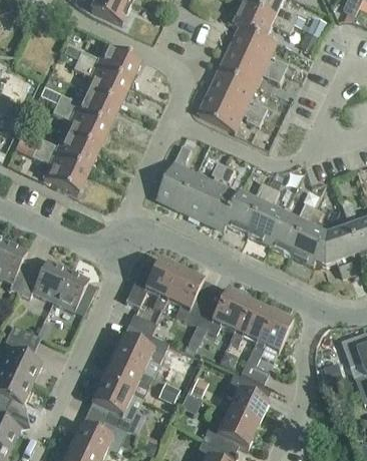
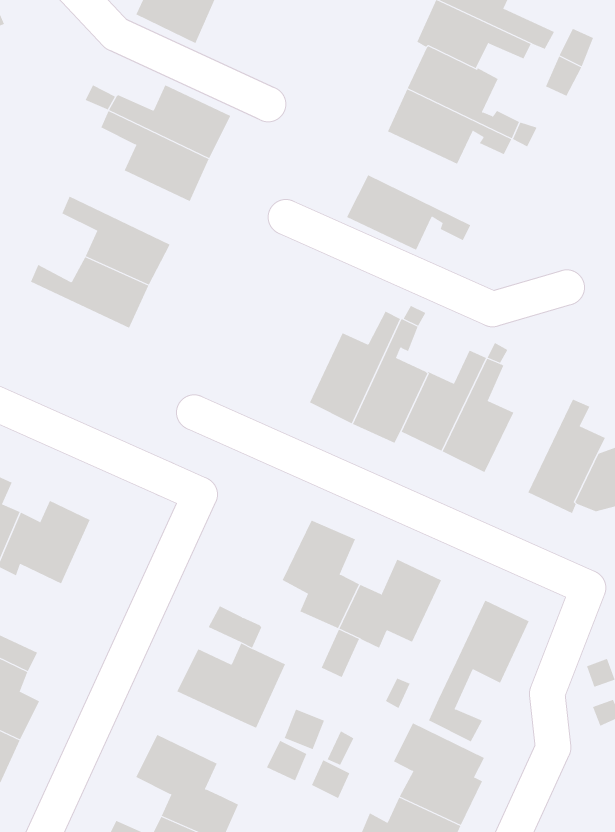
building: [210,69,268,117] -> none
building: [56,89,118,127] -> none
building: [157,144,197,208] -> none
building: [31,146,87,193] -> none
building: [270,201,315,255] -> none
building: [124,258,180,310] -> none
building: [52,269,95,316] -> none
building: [229,300,270,345] -> none
building: [101,357,152,394] -> none

